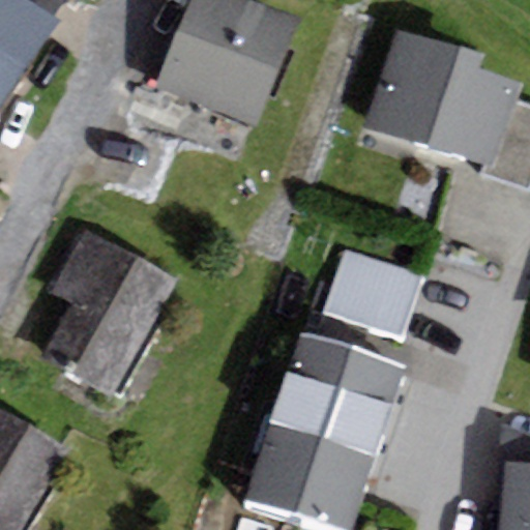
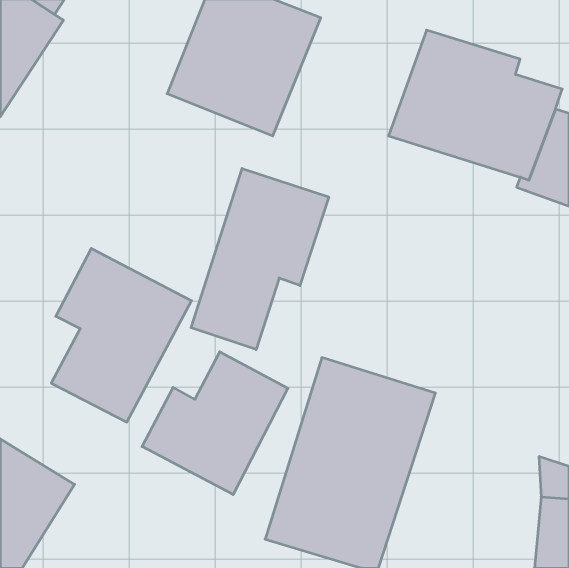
building: none -> [191,168,329,350]
building: [321,253,420,337] -> none
building: none -> [142,352,288,495]

